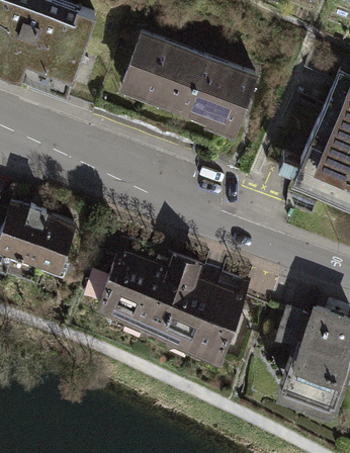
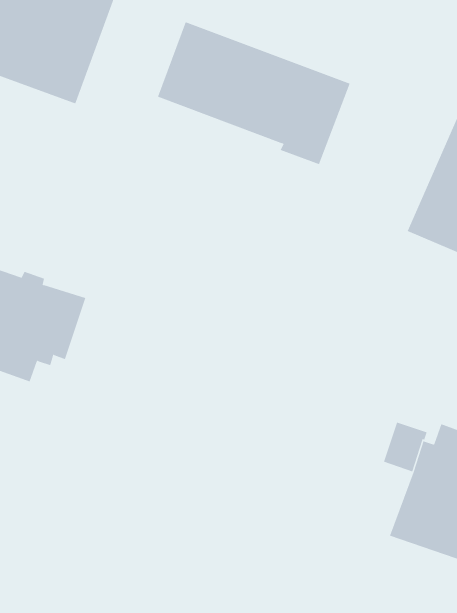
building: [99,238,247,358] -> none

